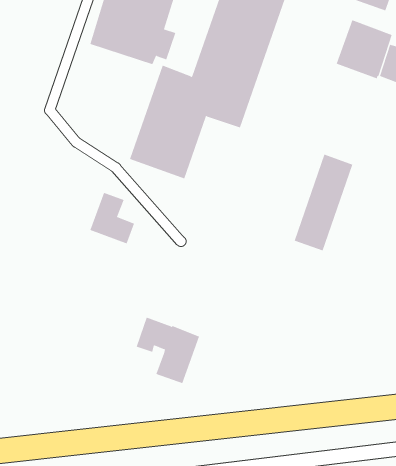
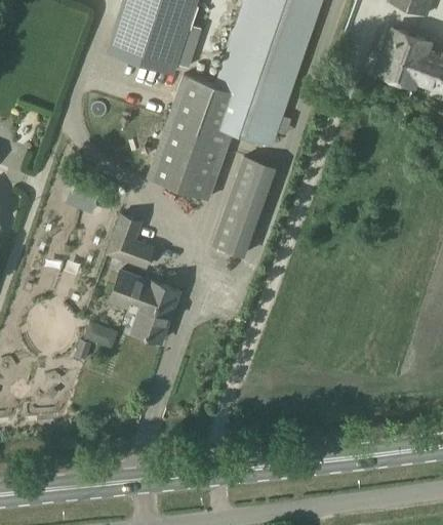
building: [294,154,353,251] -> [212,157,277,262]
building: none -> [84,322,119,350]
building: [136,317,200,384] -> [111,269,180,341]

